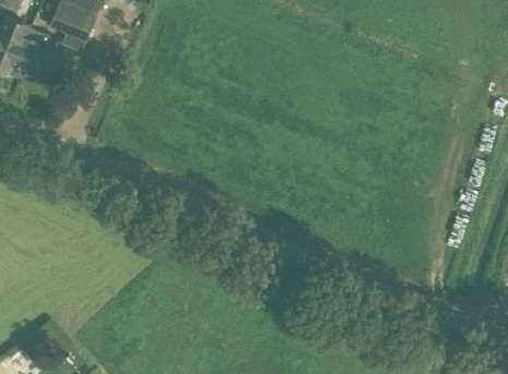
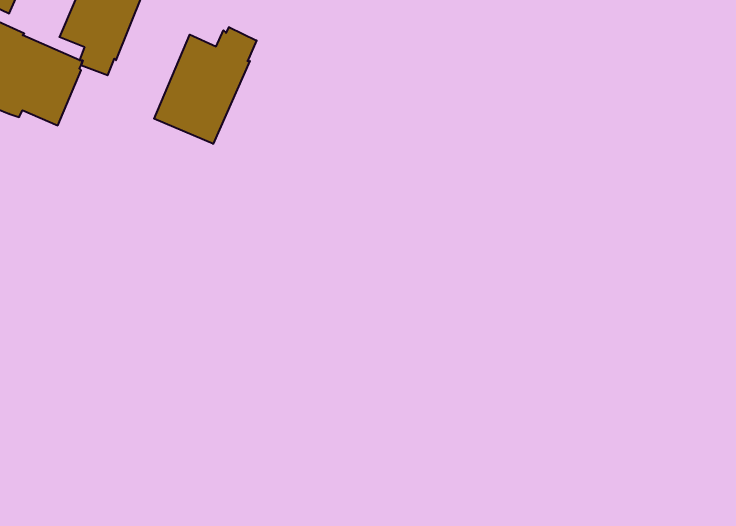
building: none -> [154,27,257,144]

